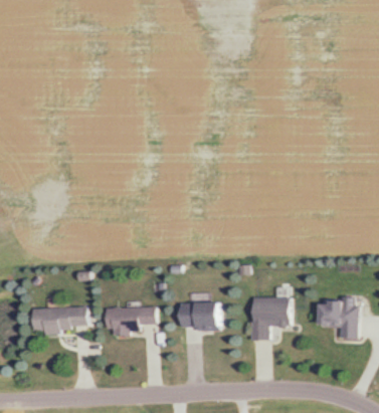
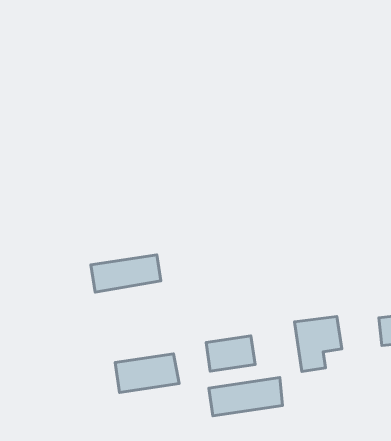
building: [33,308,86,331] -> [91,255,161,292]
building: none -> [209,377,283,416]

